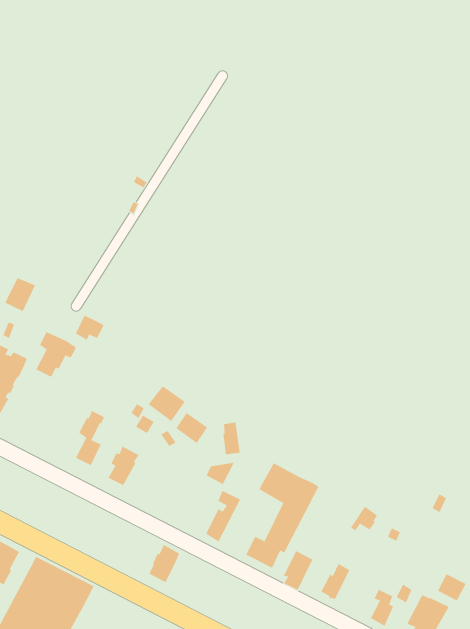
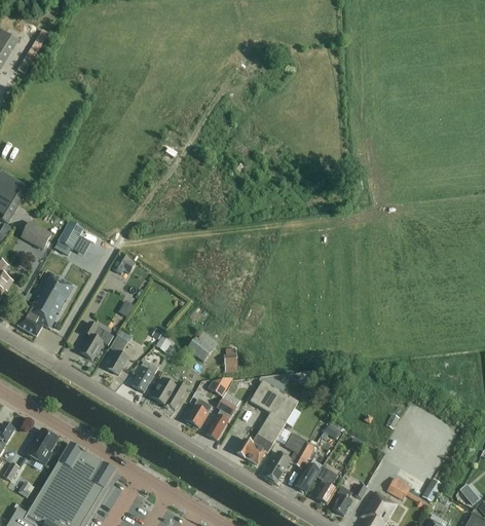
building: [35,331,77,378] -> [79,322,113,359]
building: [148,386,185,422] -> none
building: none -> [150,377,187,408]
building: none -> [285,433,314,468]
building: [149,544,180,583] -> [185,398,211,428]
building: none -> [316,465,338,503]

